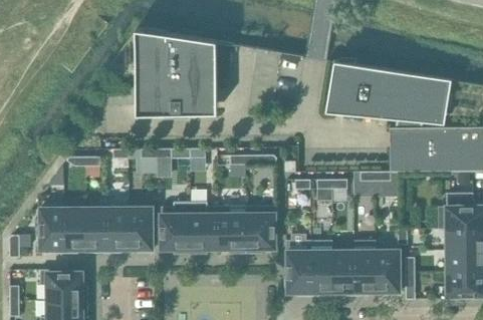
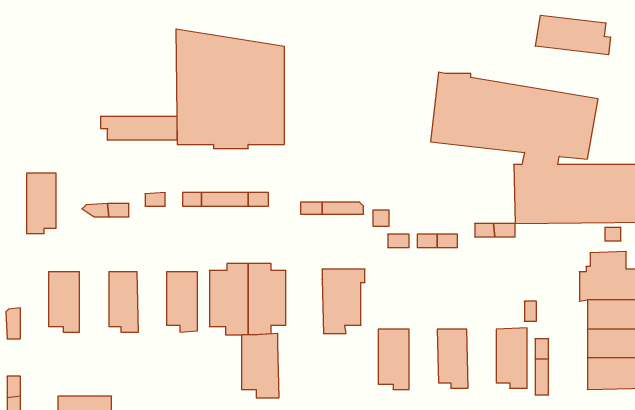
building: none -> [535,15,611,55]
building: none -> [101,116,177,140]
building: [218,207,246,255] -> [242,333,279,398]
building: [63,209,85,254] -> [27,173,56,234]
building: [106,209,129,254] -> none
building: [310,242,332,297] -> none
building: [353,242,376,296] -> none
building: [39,271,87,302] -> none

